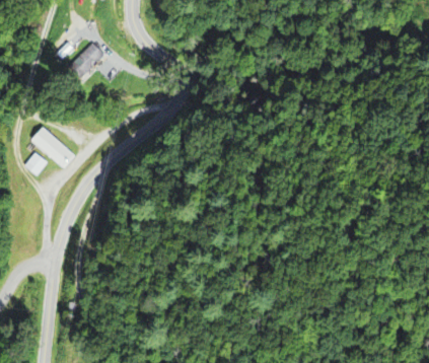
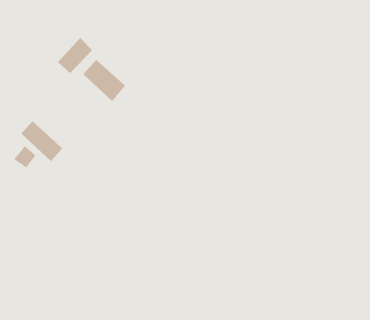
building: none -> [82,59,126,102]

